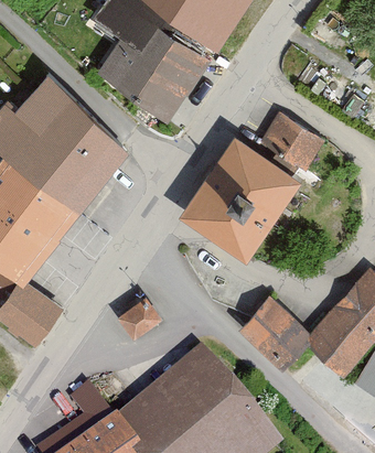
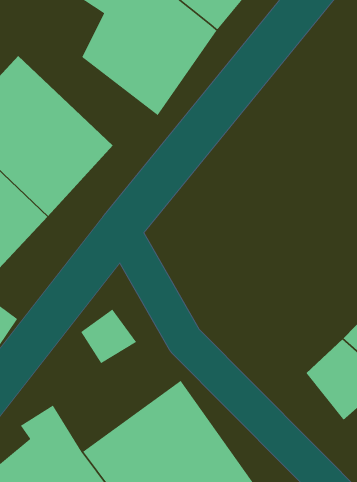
building: [255,110,323,172] -> none
building: [183,137,303,260] -> none
building: [240,296,310,367] -> none

